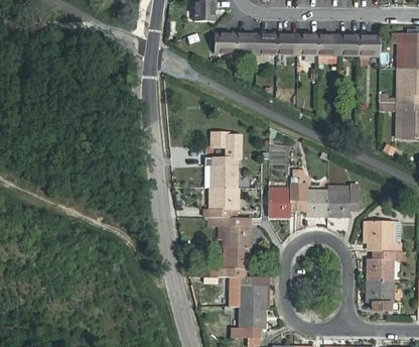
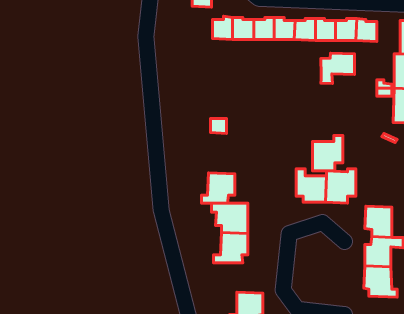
building: none -> [321,53,355,83]
building: [205,157,237,188] -> none
building: [268,183,298,218] -> [313,136,343,171]
building: [233,276,266,307] -> none

